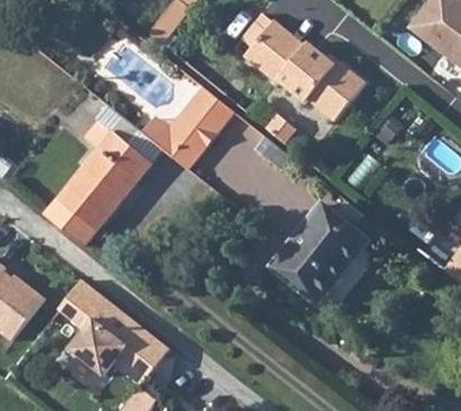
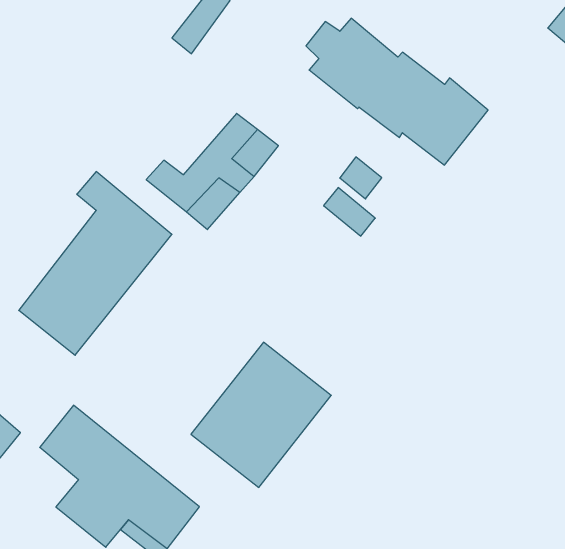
building: [273,202,370,302] -> [191,342,331,487]

